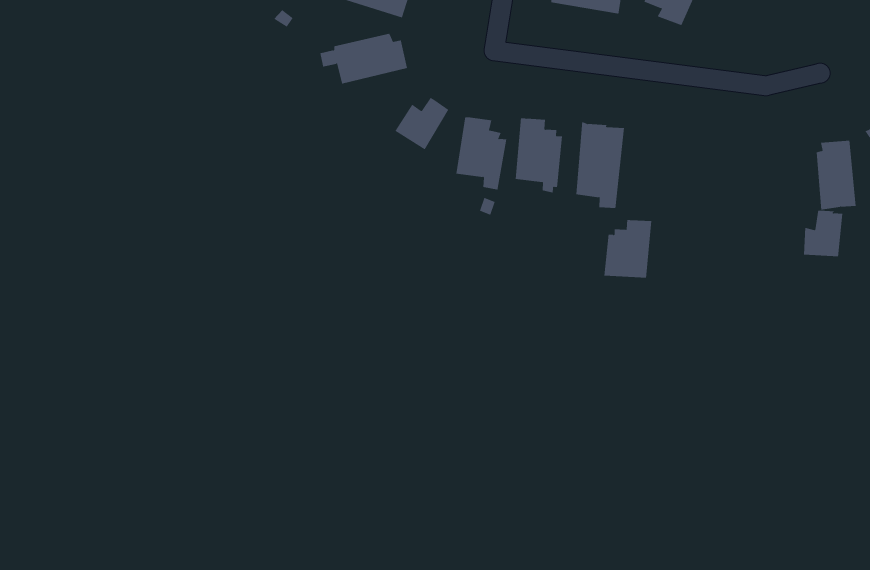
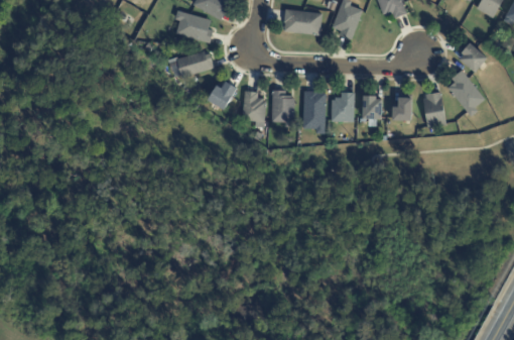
building: none -> [363,96,382,126]
building: [803,210,843,257] -> [393,97,412,120]
building: [603,219,652,278] -> [331,92,354,121]

